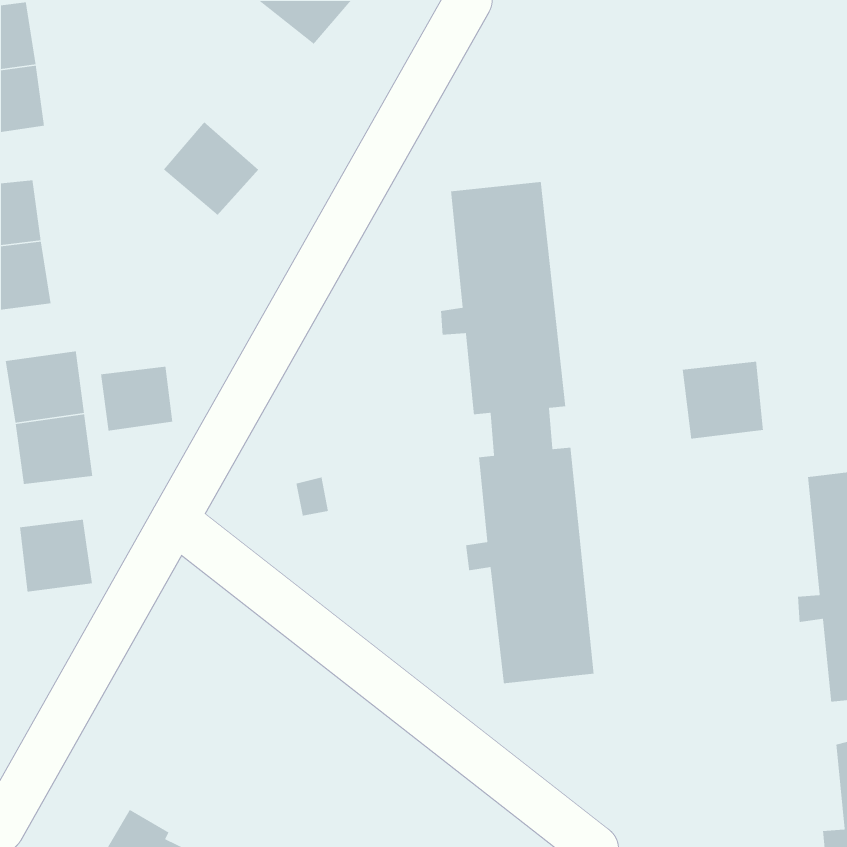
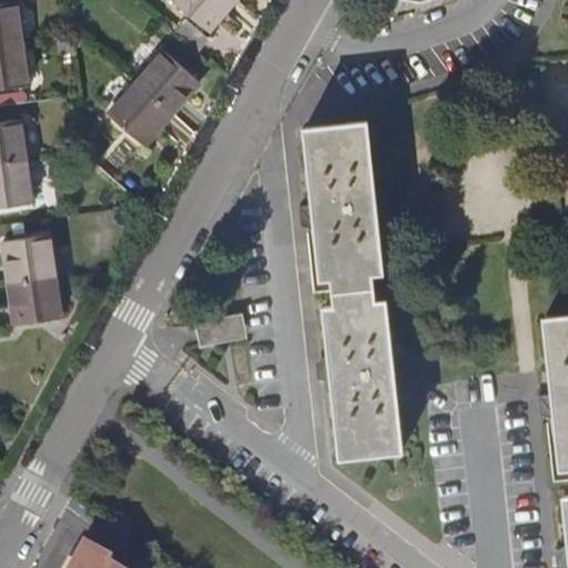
building: none -> [138,51,201,114]
building: [682,361,764,440] -> none
building: [100,366,173,431] -> none
building: [19,519,93,592] -> none

